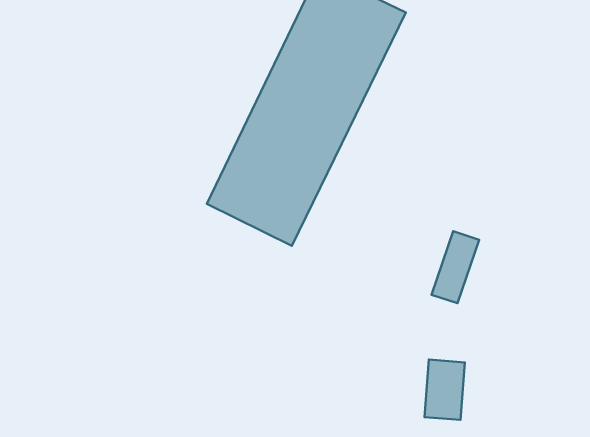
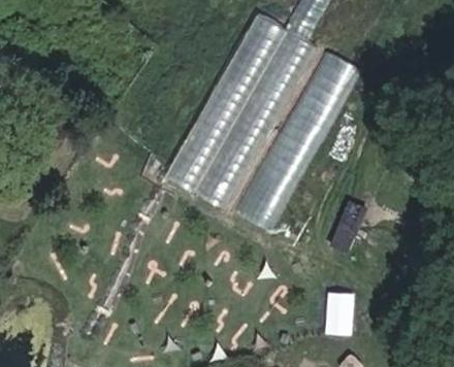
building: none -> [240,52,355,229]

